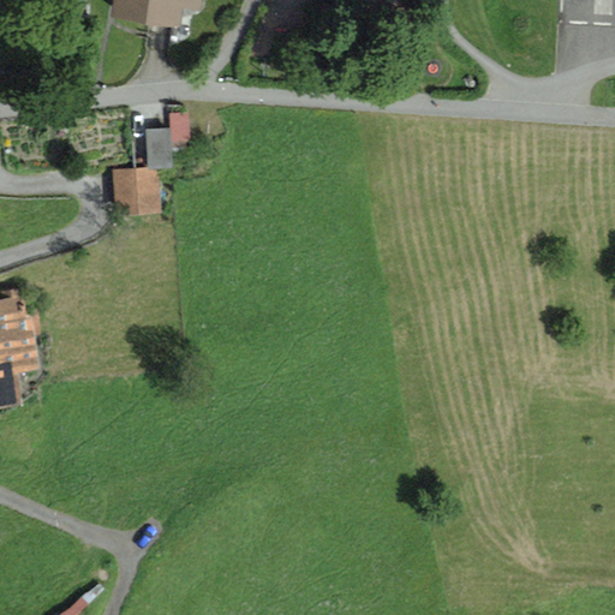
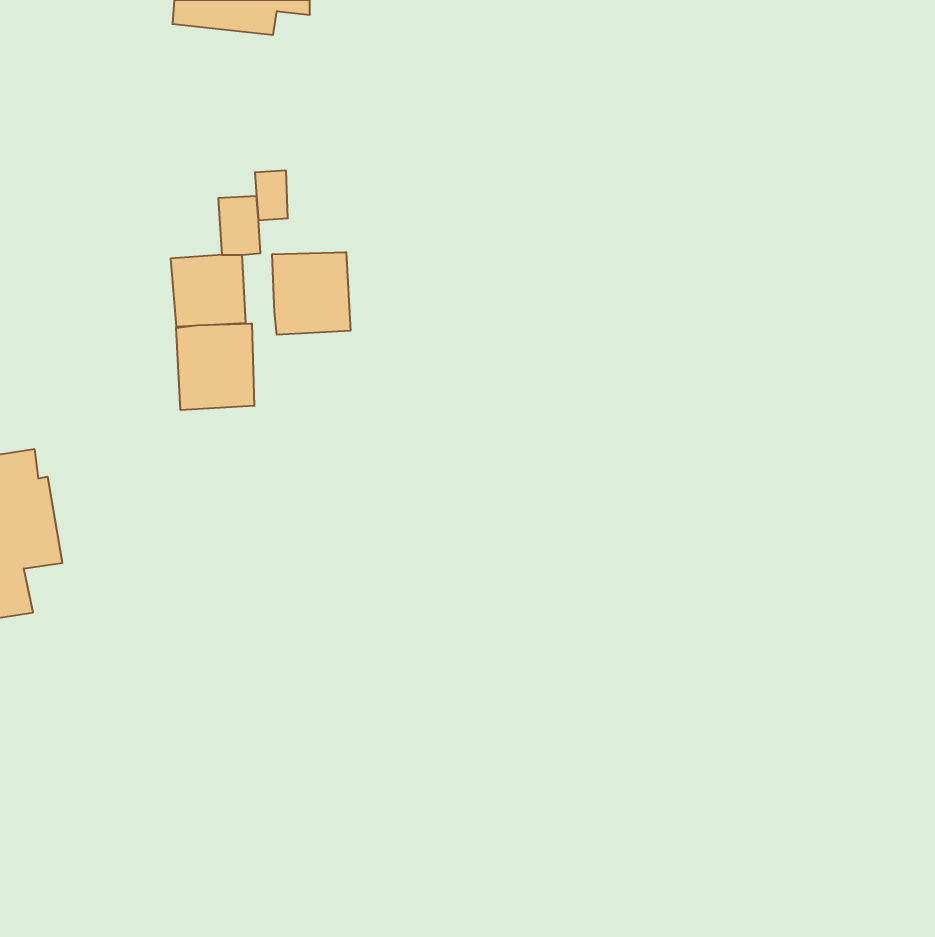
building: none -> [272,252,350,335]
building: none -> [176,323,254,410]

